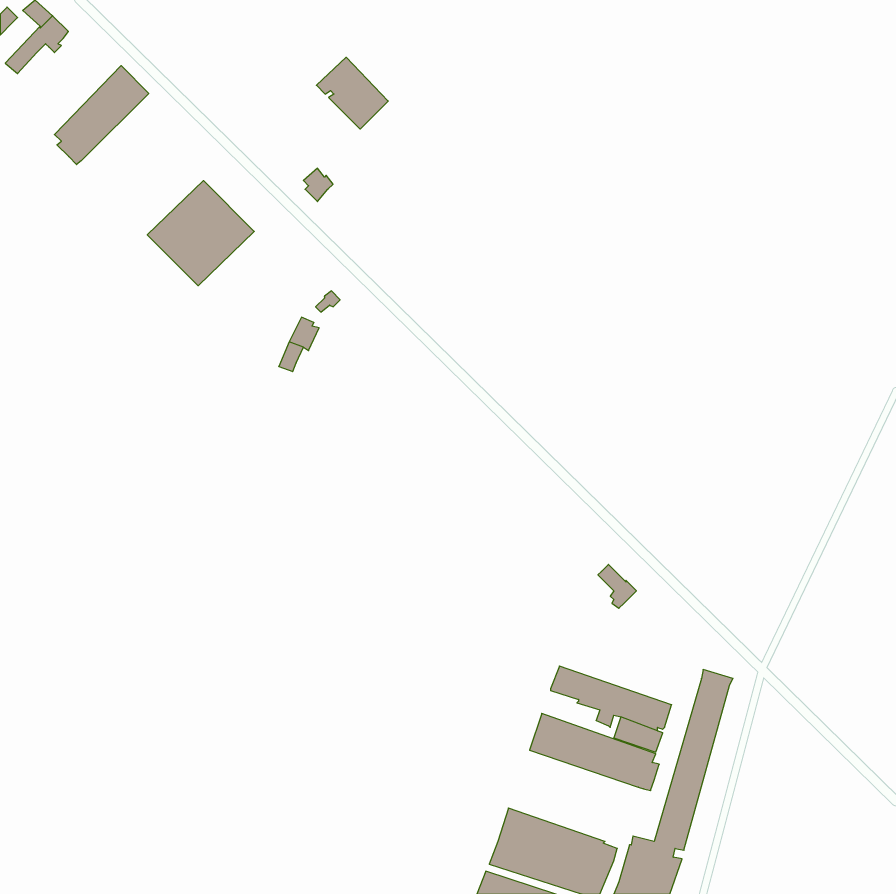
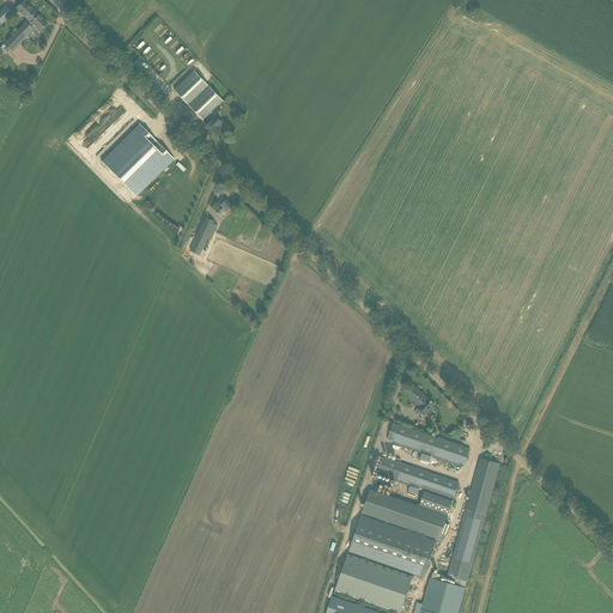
building: [316,57,388,129] -> [174,69,223,119]
building: [54,66,149,165] -> none
building: none -> [387,421,469,466]
building: none -> [348,514,436,576]

